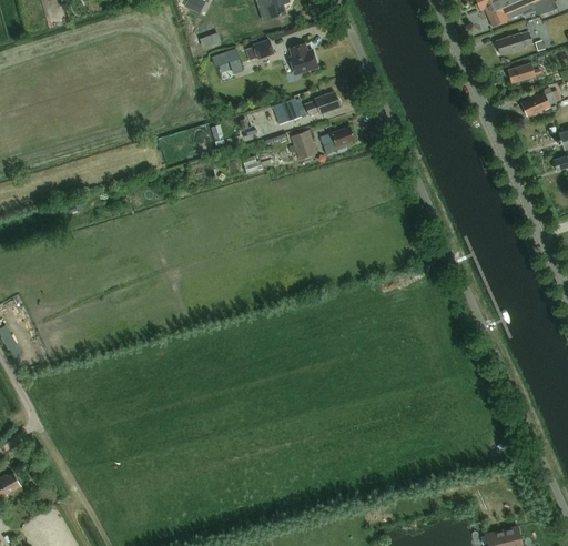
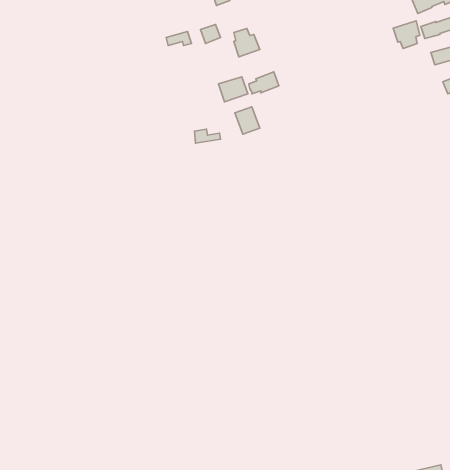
building: none -> [393,21,420,49]
building: [320,127,354,154] -> none

